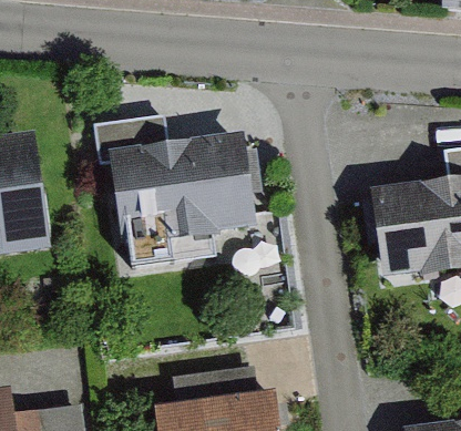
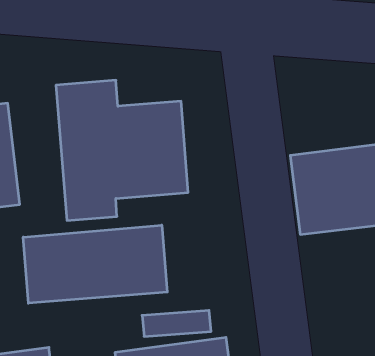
building: none -> [23,225,167,303]

